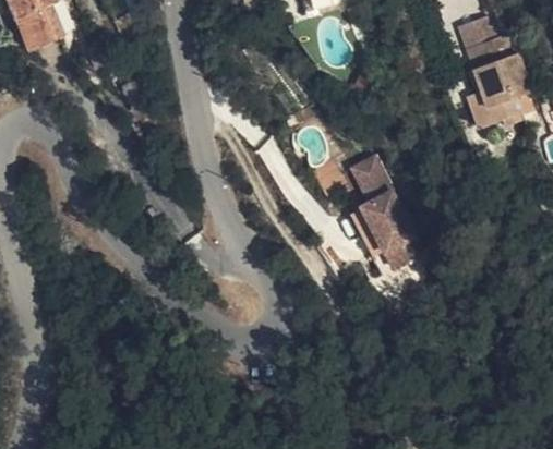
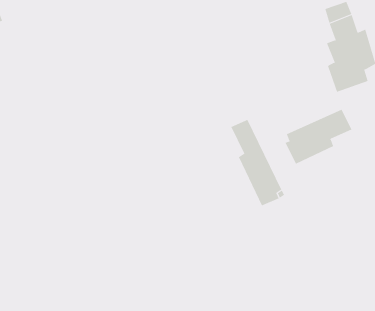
building: none -> [285,109,352,164]

